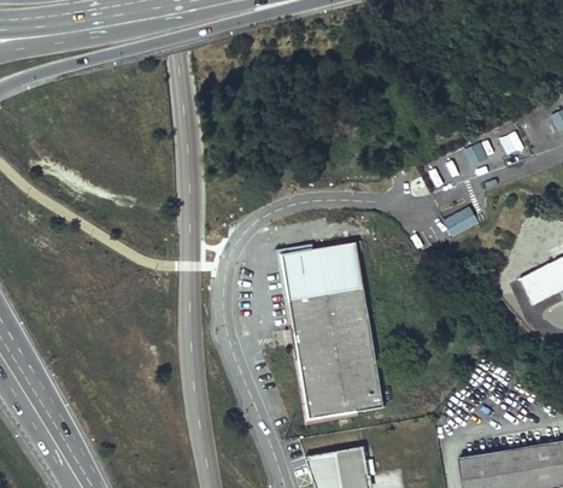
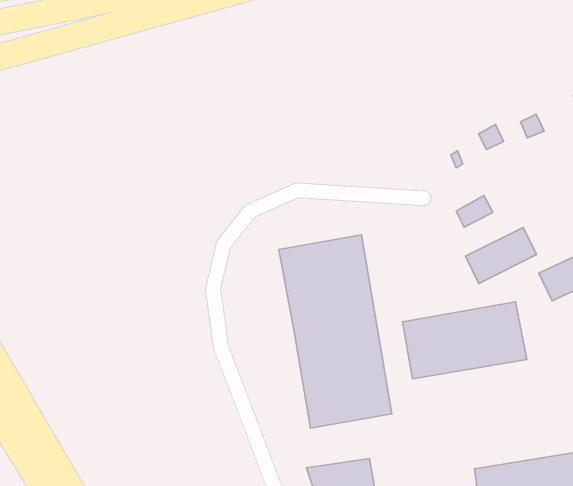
building: none -> [465,227,536,283]
building: none -> [403,302,527,379]

